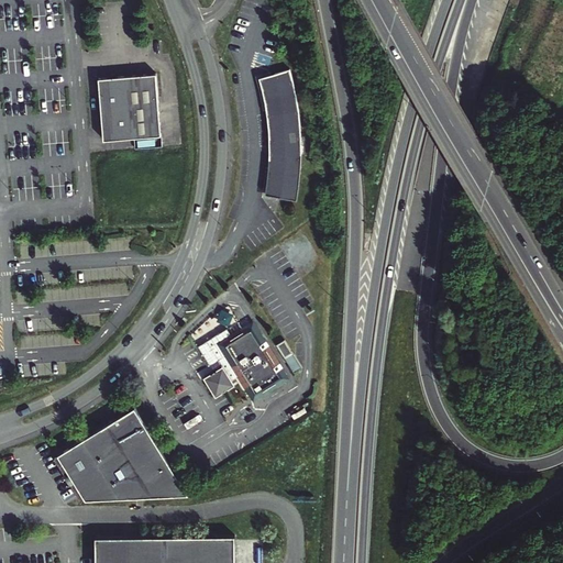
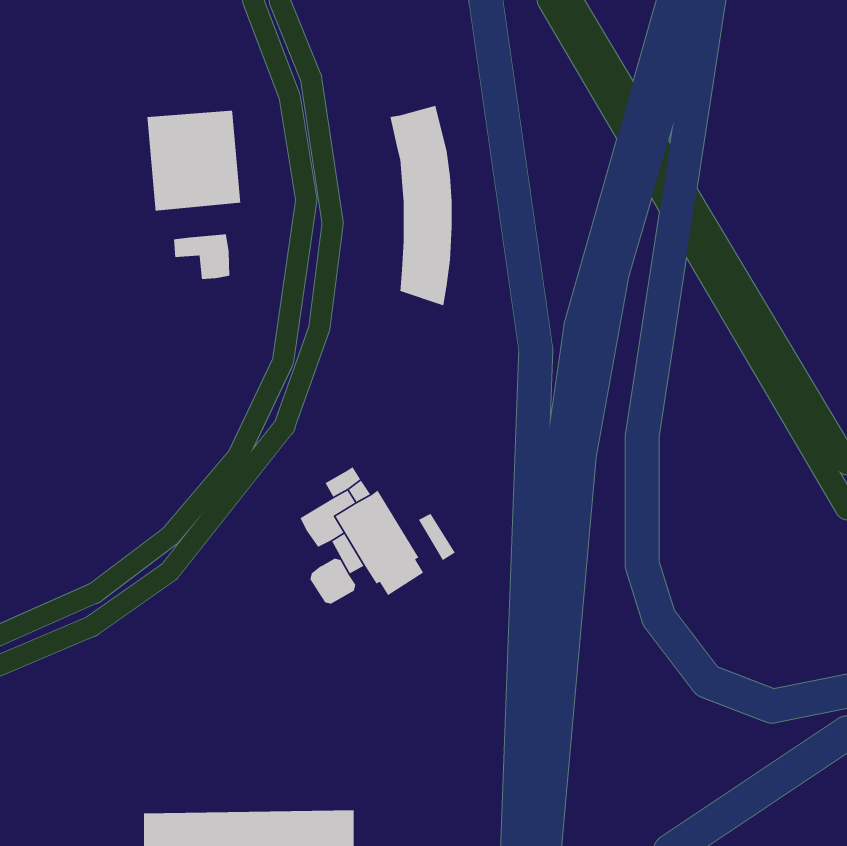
building: none -> [173,233,230,280]
building: [59,410,189,501] -> none

